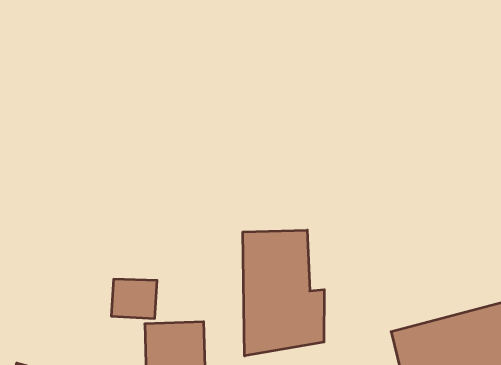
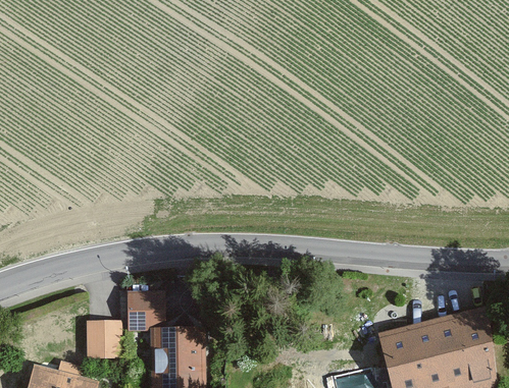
building: [243,230,324,356] -> none
building: none -> [84,317,120,356]

